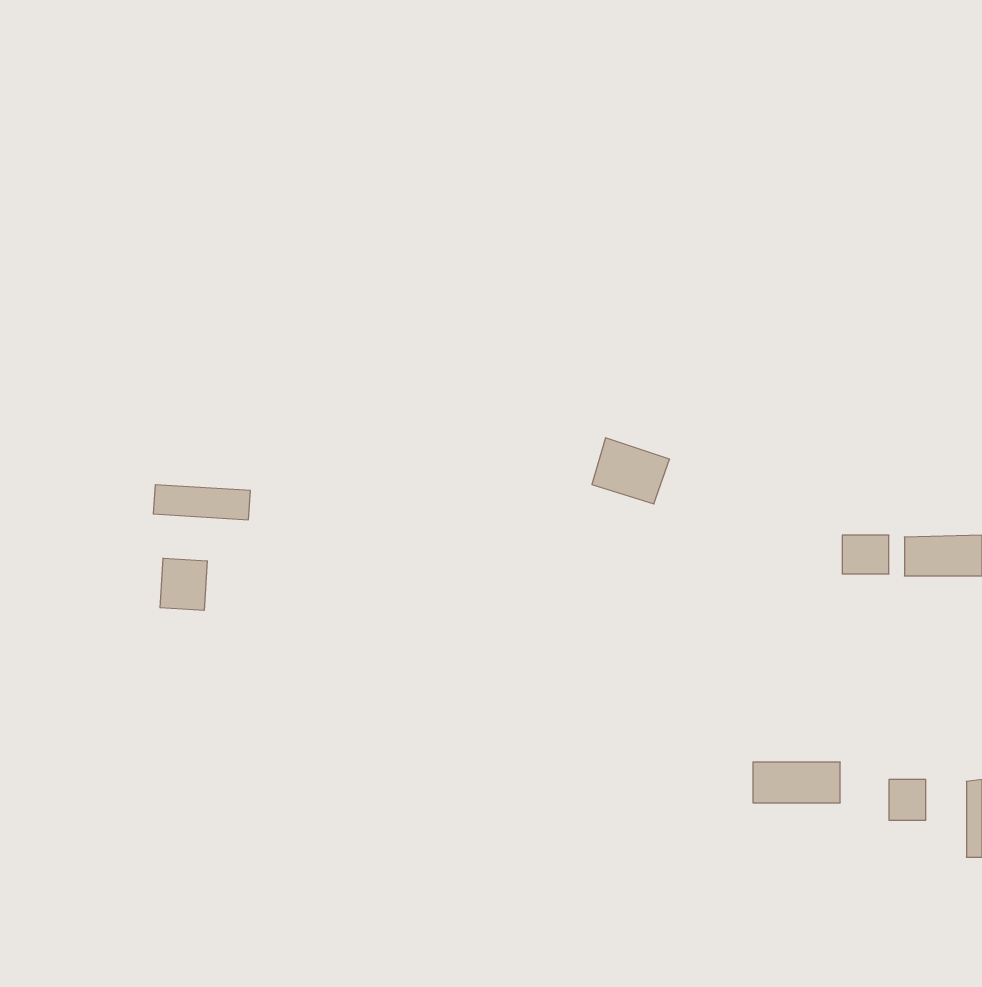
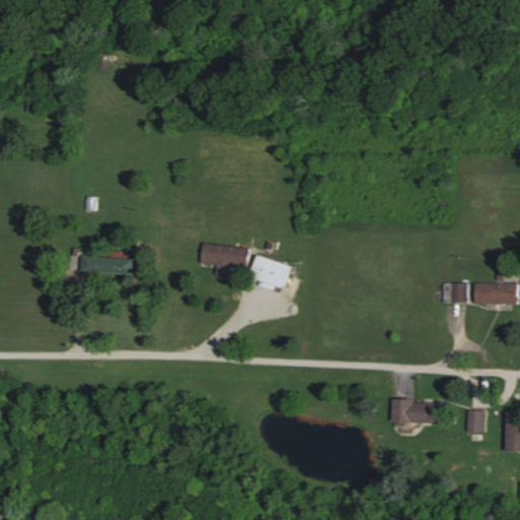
building: [592,438,670,504] -> [253,254,294,288]
building: none -> [200,243,250,274]
building: [160,558,207,610] -> none

